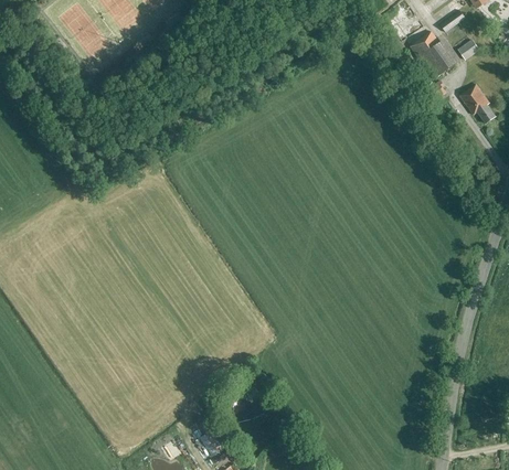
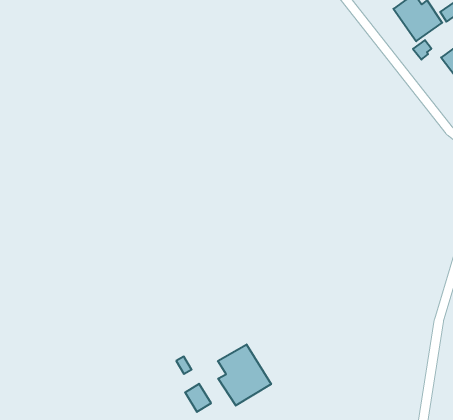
building: none -> [218,344,271,406]

